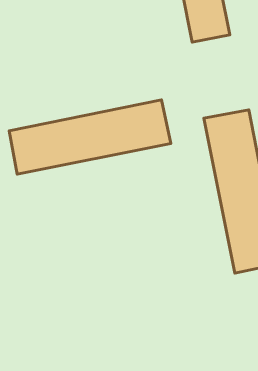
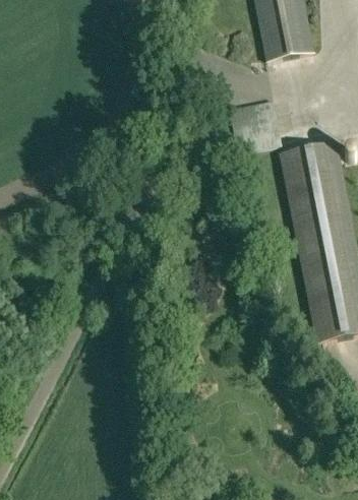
building: [9,100,171,174] -> none

